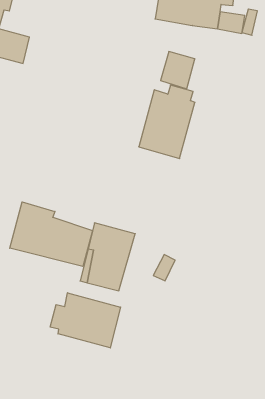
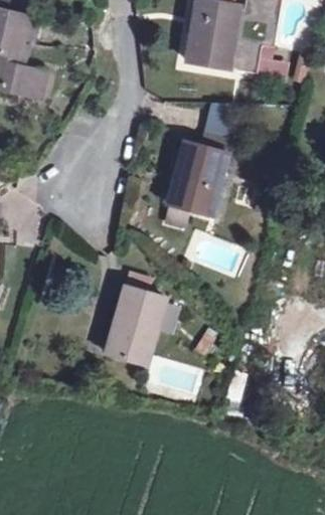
building: [10,202,93,266] -> none
building: [50,293,121,348] -> none

